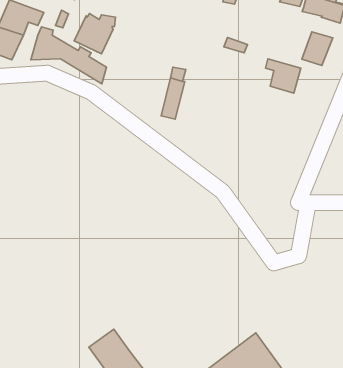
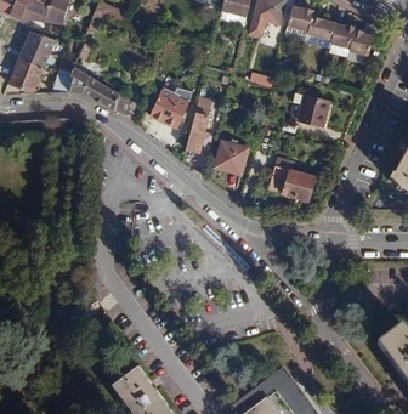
building: [74,14,116,54] -> [149,87,192,129]
building: [302,32,333,65] -> none
building: none -> [215,141,248,175]
building: none -> [267,158,314,202]

